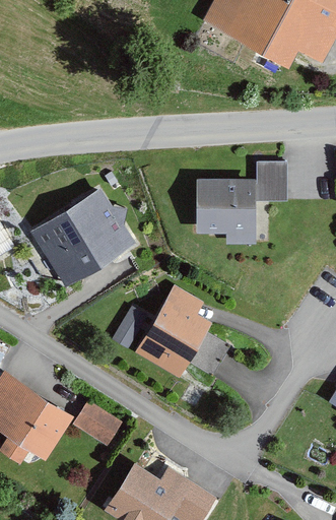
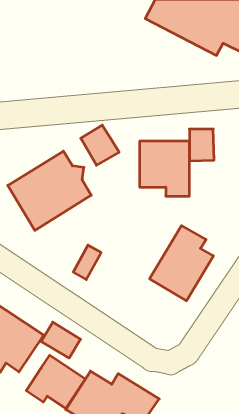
building: none -> [81,125,119,165]
building: [134,285,213,379] -> [150,226,213,301]
building: none -> [26,355,85,409]

